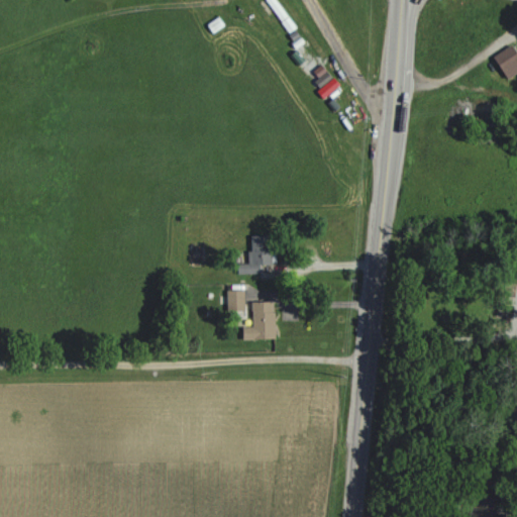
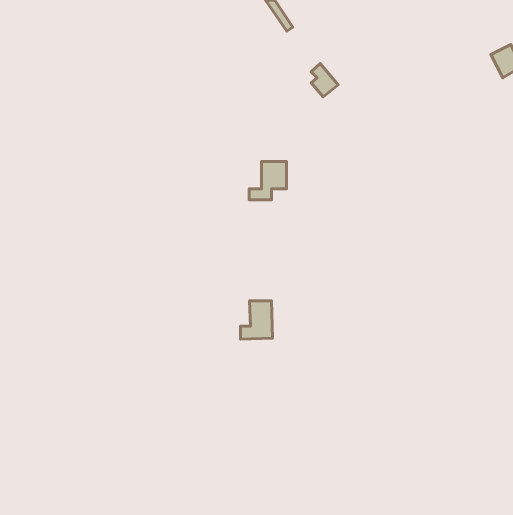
building: [238,236,276,275] -> [249,161,287,200]
building: [226,291,246,311] -> none

